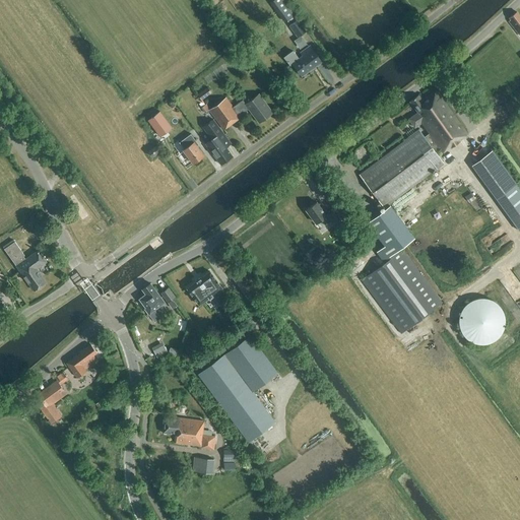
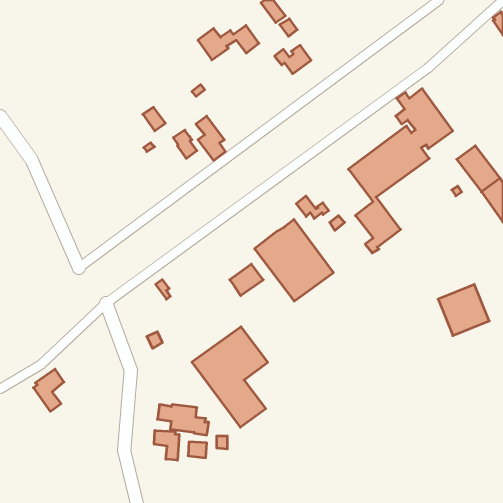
building: [209,94,272,130] -> [198,25,259,60]
building: [4,242,46,291] -> none
building: [361,249,442,333] -> [255,219,333,301]
building: [187,272,221,305] -> [230,264,263,296]
building: [139,284,164,322] -> none
building: [69,345,96,378] -> none
building: none -> [154,430,179,460]

